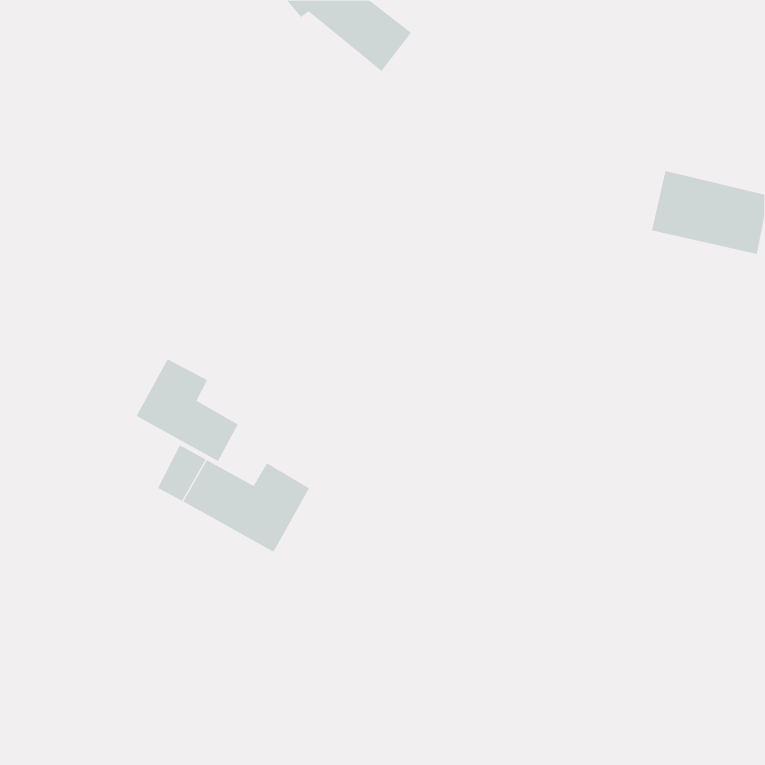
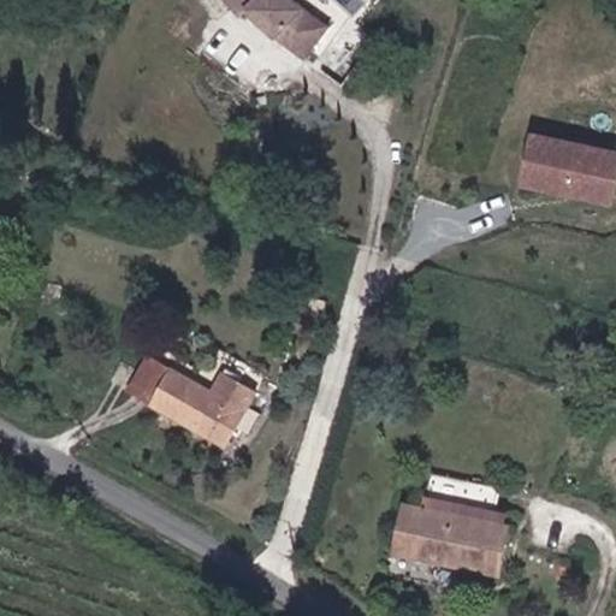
building: [136,359,239,462] -> none
building: none -> [391,475,505,578]

